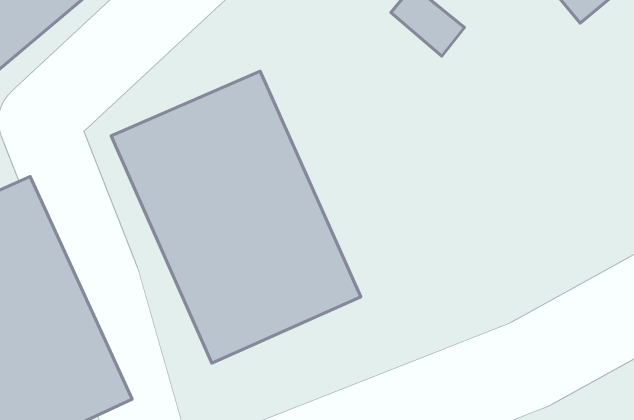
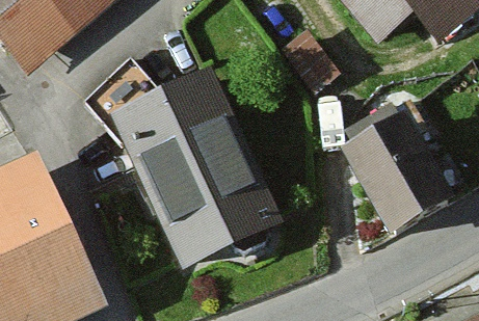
building: none -> [330,115,440,234]

